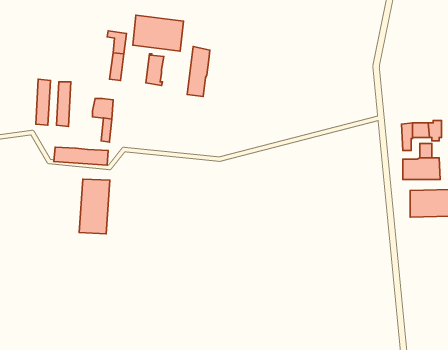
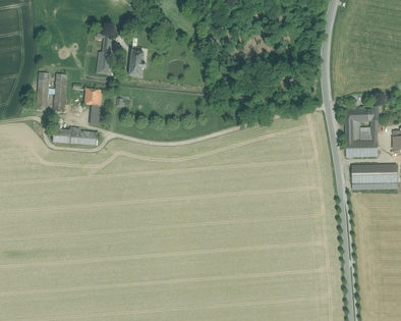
building: [133,15,184,51] -> none
building: [187,46,210,97] -> none
building: [79,179,110,234] -> none

